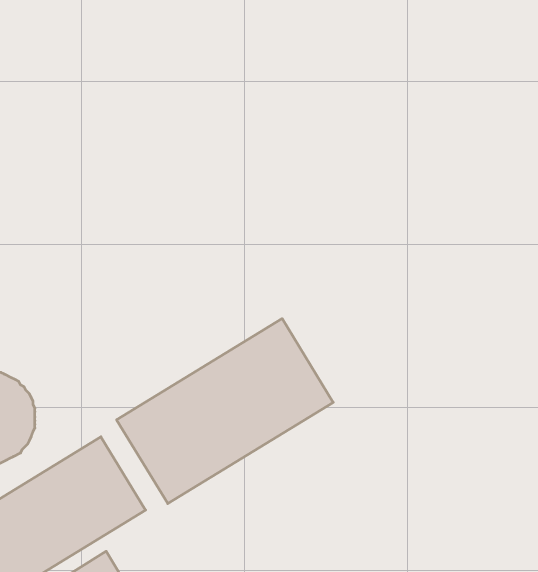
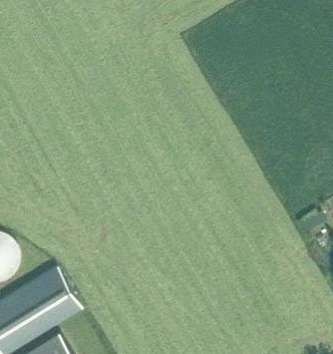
building: [117,319,333,504] -> none

